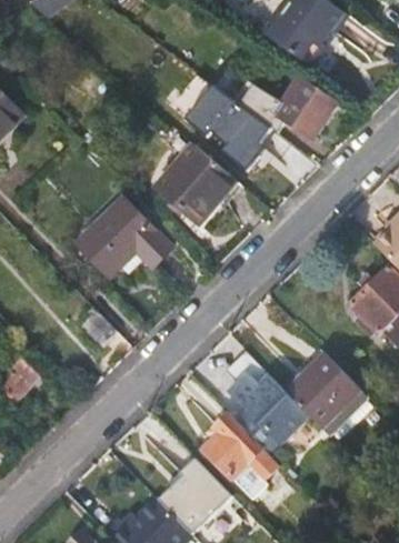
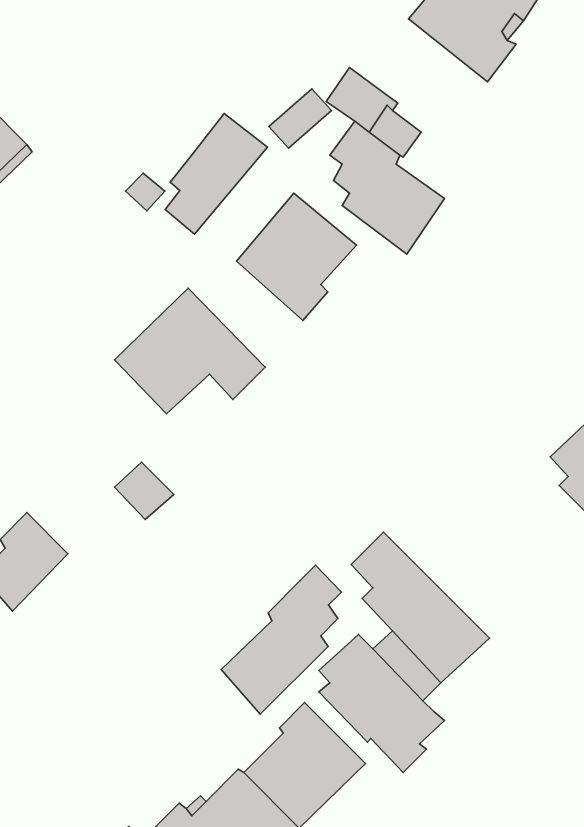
building: [276,78,336,138] -> none
building: none -> [165,113,267,234]
building: [287,349,362,430] -> none
building: none -> [221,565,342,714]

